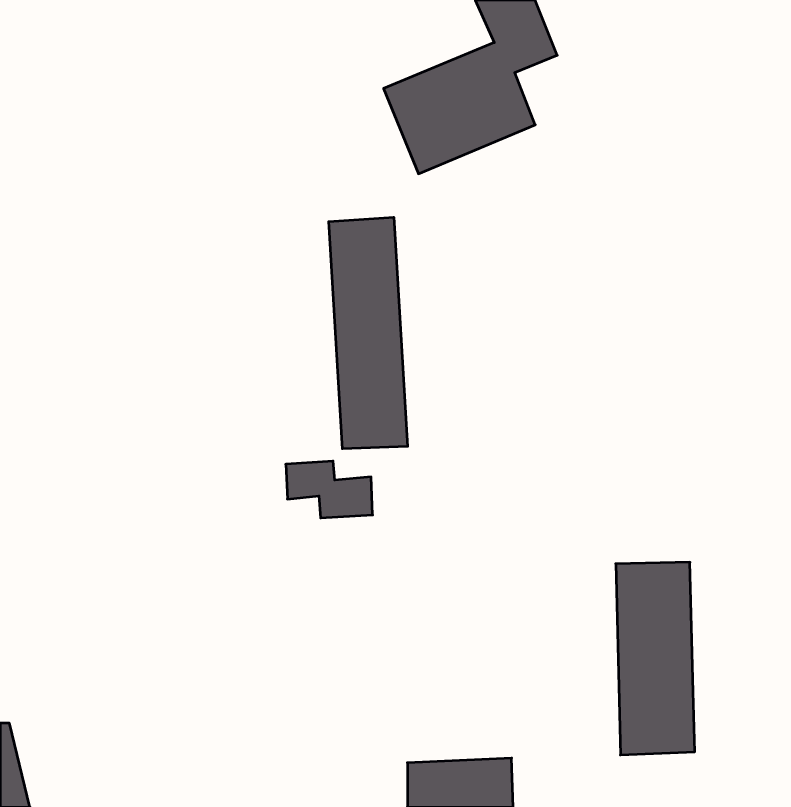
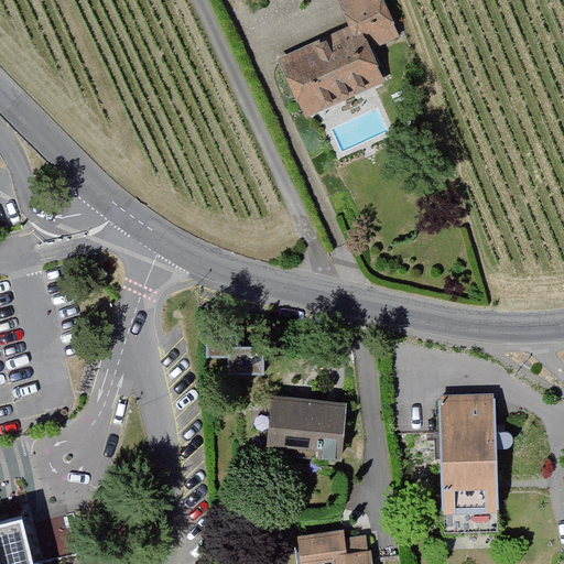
building: [329,217,408,449] -> none
building: none -> [271,394,346,457]

